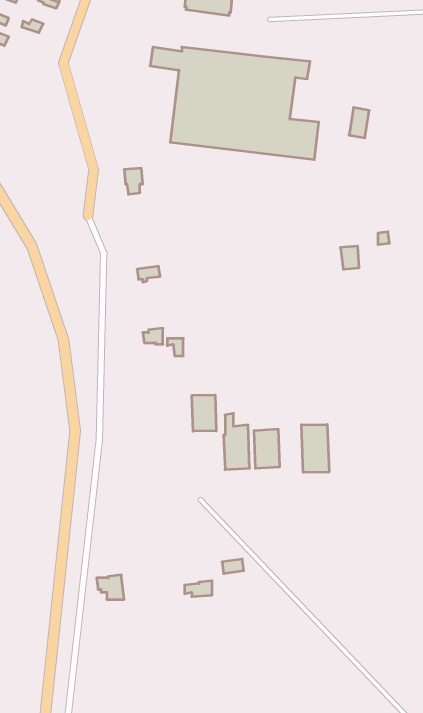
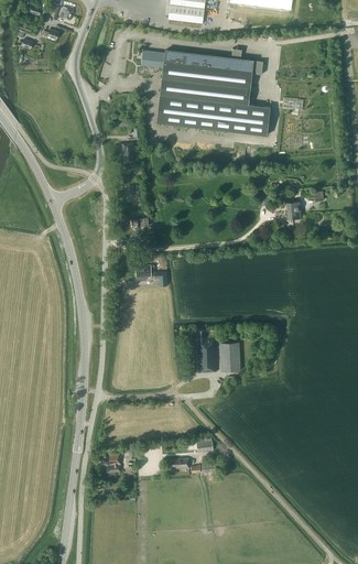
building: [192,395,216,431] -> none
building: [301,424,329,472] -> none

